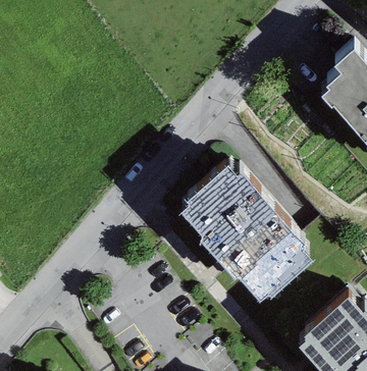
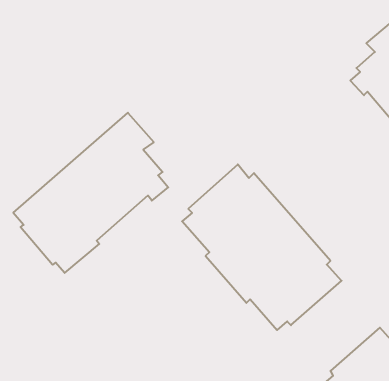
building: none -> [13,113,168,273]

